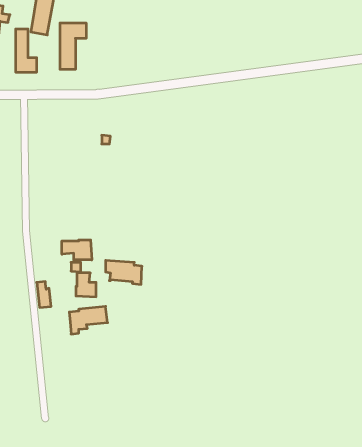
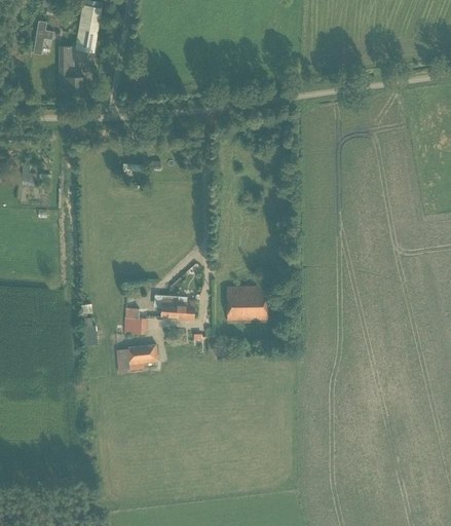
building: [60,23,86,69] -> none
building: [62,240,92,260] -> none
building: none -> [227,285,275,323]

